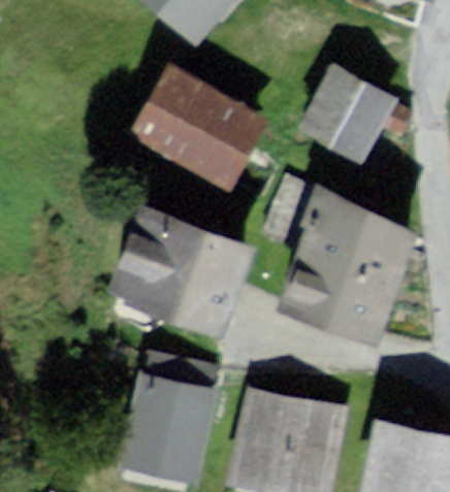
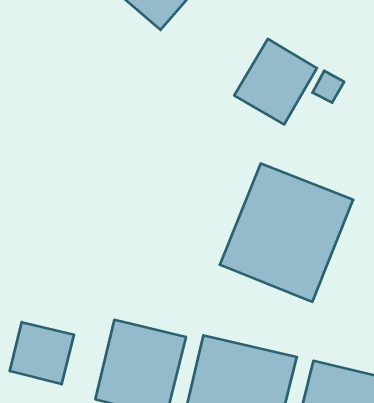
building: [133,67,274,192] -> none
building: [105,202,257,337] -> none
building: none -> [10,322,74,384]

